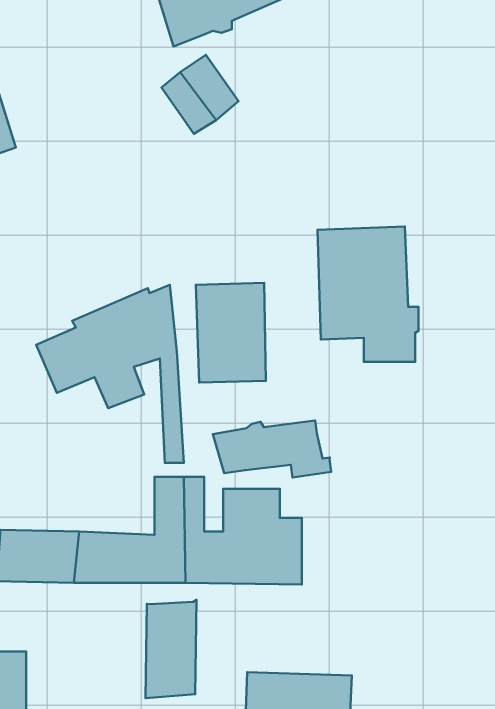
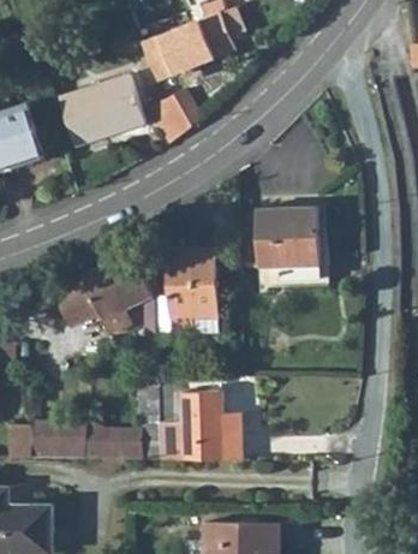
building: none -> [58,76,143,147]
building: [213,420,331,477] -> none
building: [145,600,196,698] -> none

